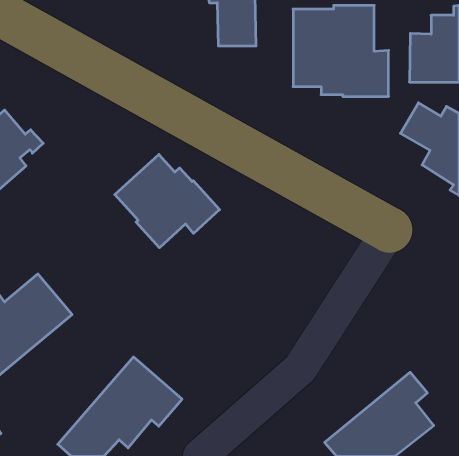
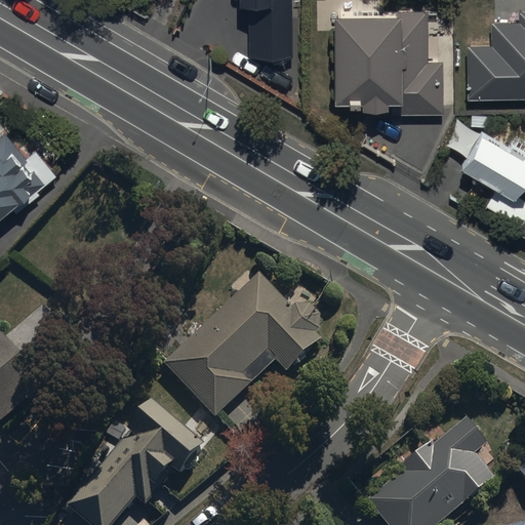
building: [115,154,220,248] -> none
building: none -> [164,276,320,418]

